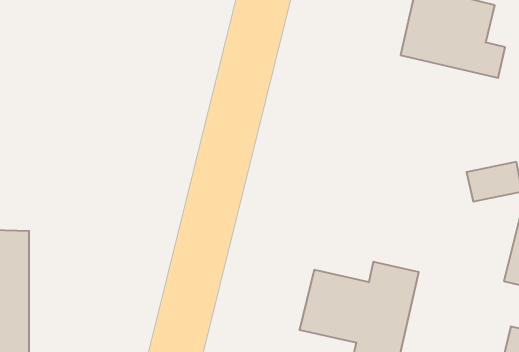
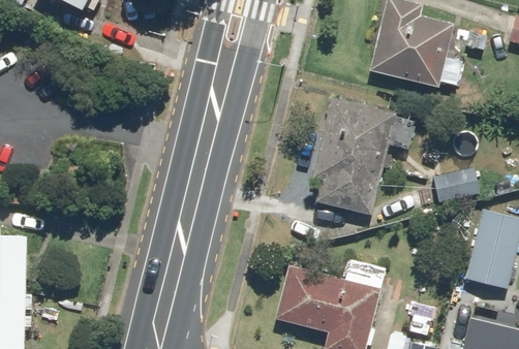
building: none -> [312,95,414,213]

